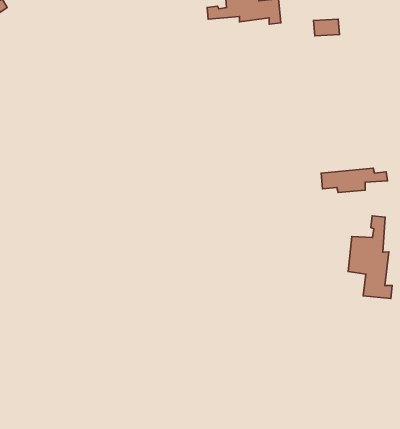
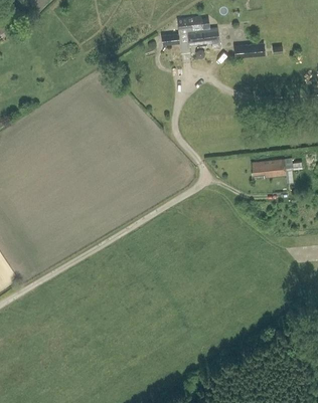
building: [348,216,392,298] -> none

